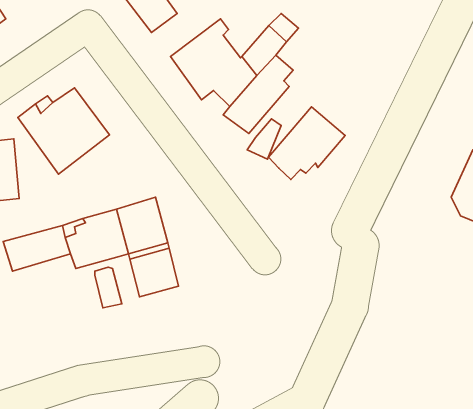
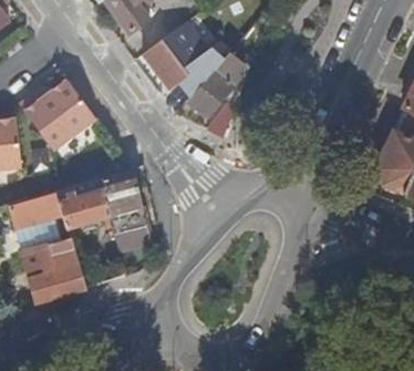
building: [268,107,345,179] -> none
building: none -> [21,238,83,302]

